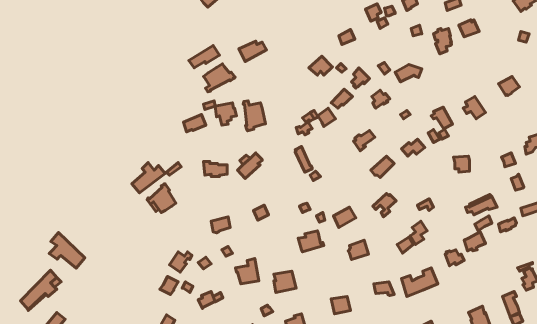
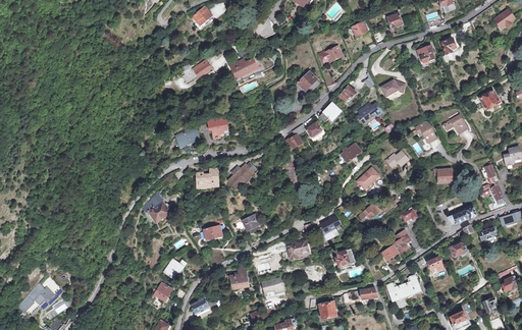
building: [204,64,235,92] -> none
building: [243,101,265,131] -> none
building: [132,163,165,193] -> none
building: [49,232,85,268] -> none

